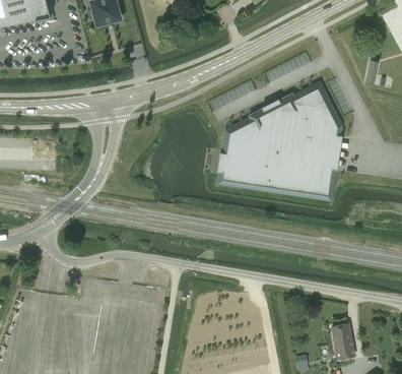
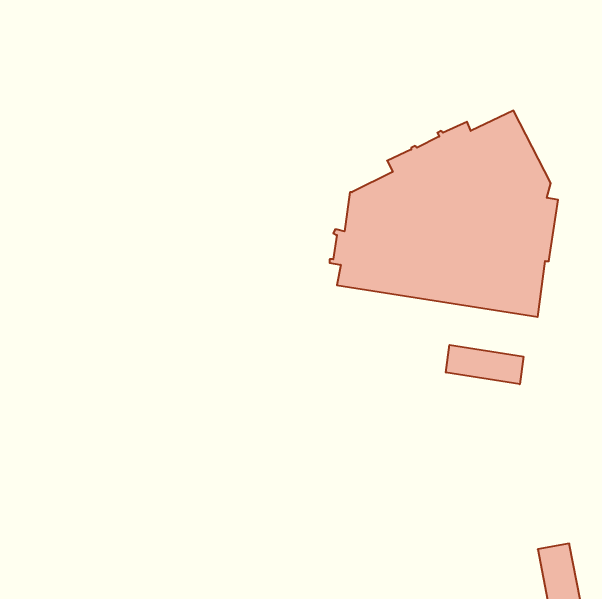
building: none -> [446,345,523,384]

